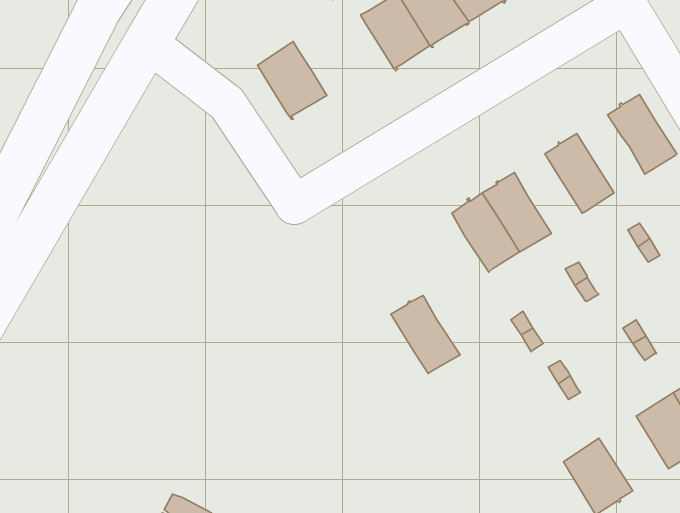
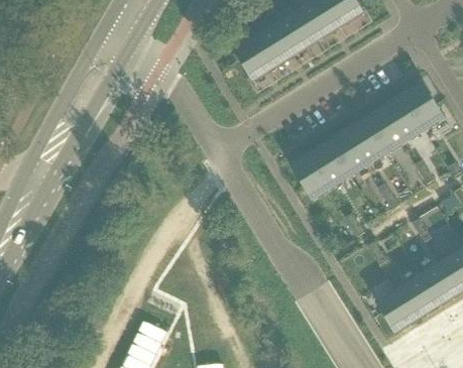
building: [258,41,327,119] -> [234,34,275,81]
building: none -> [384,94,425,140]
building: none -> [347,117,387,164]
building: [391,296,460,374] -> [291,152,332,199]
building: none -> [397,273,439,318]

